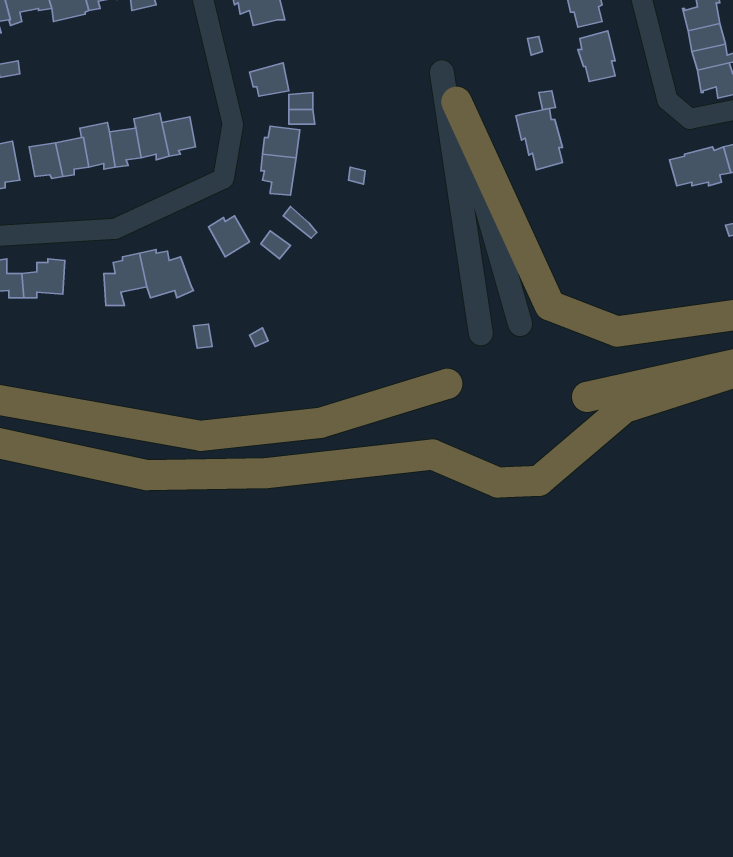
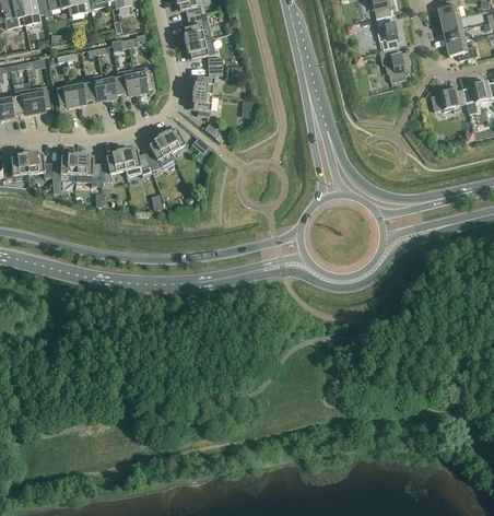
building: none -> [183,13,211,44]
building: [516,108,562,170] -> [379,46,407,82]
building: none -> [144,134,175,169]
building: none -> [75,154,101,181]

